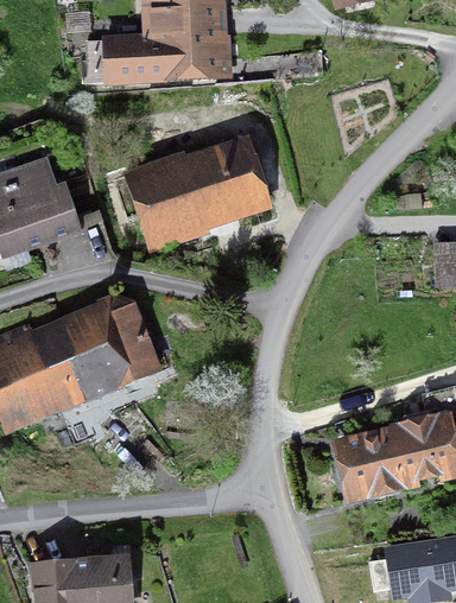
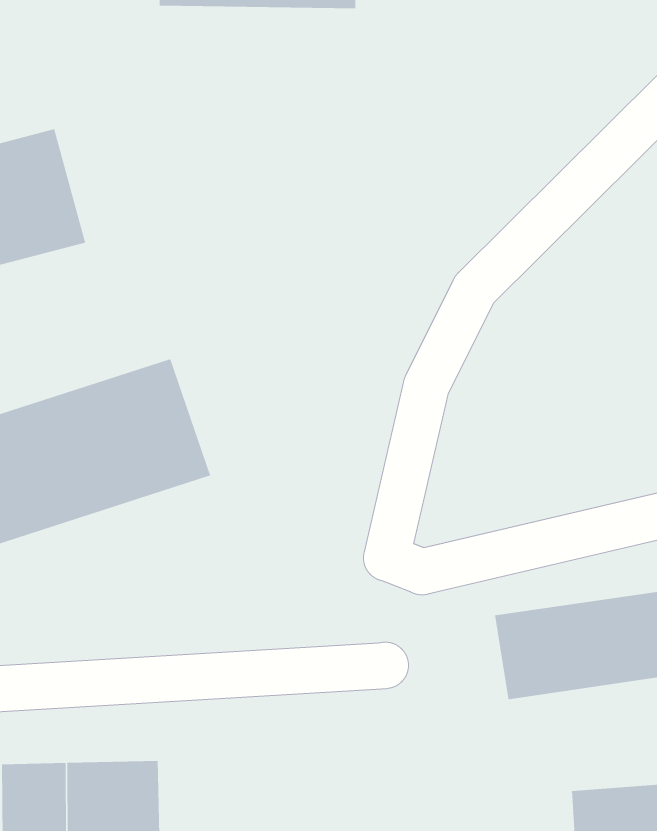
building: [127,138,264,246] -> none

